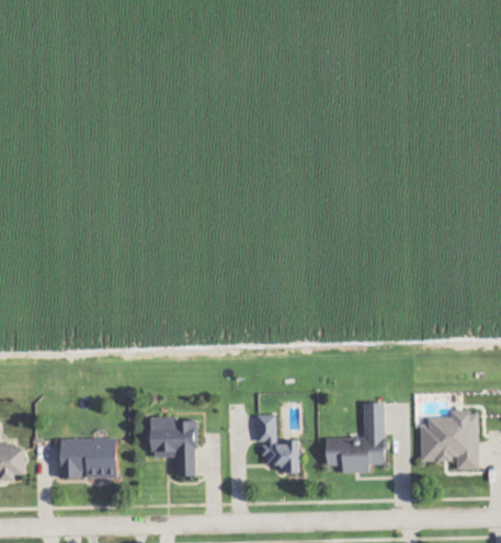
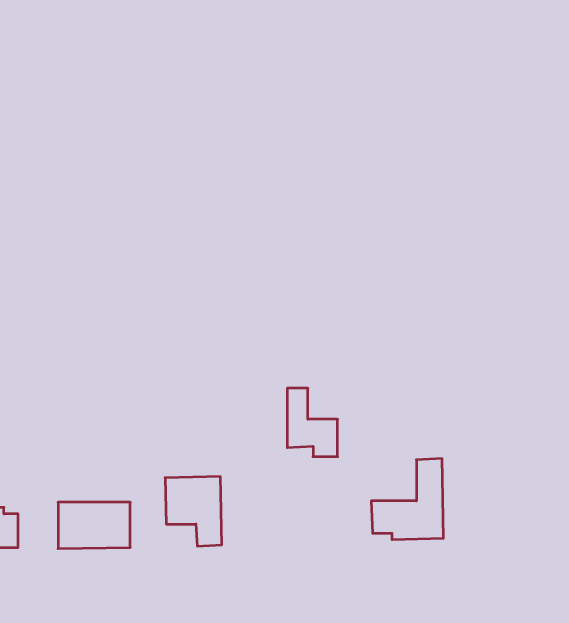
building: [420,411,478,471] -> none
building: [259,415,301,473] -> [287,388,338,457]

